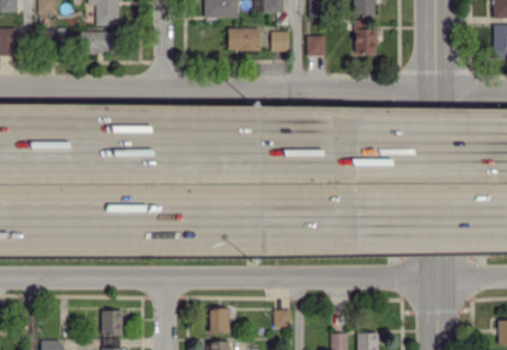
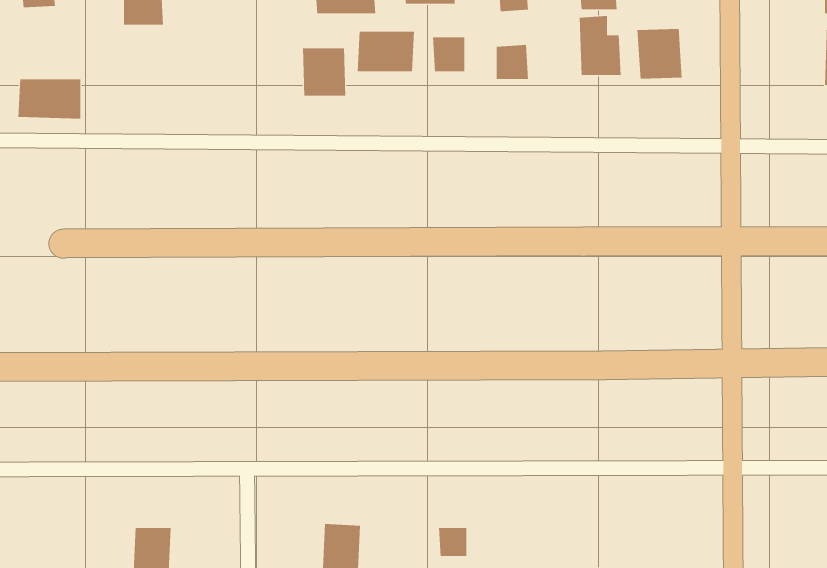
building: none -> [637,28,682,80]
building: [78,31,114,54] -> [17,79,81,119]
building: none -> [303,47,346,96]

